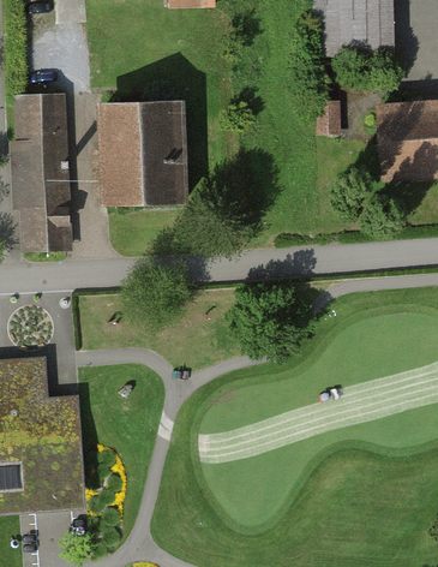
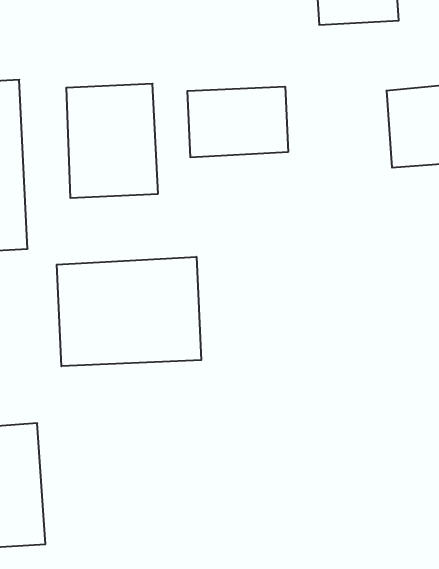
building: none -> [187,87,288,157]
building: none -> [57,257,201,366]

